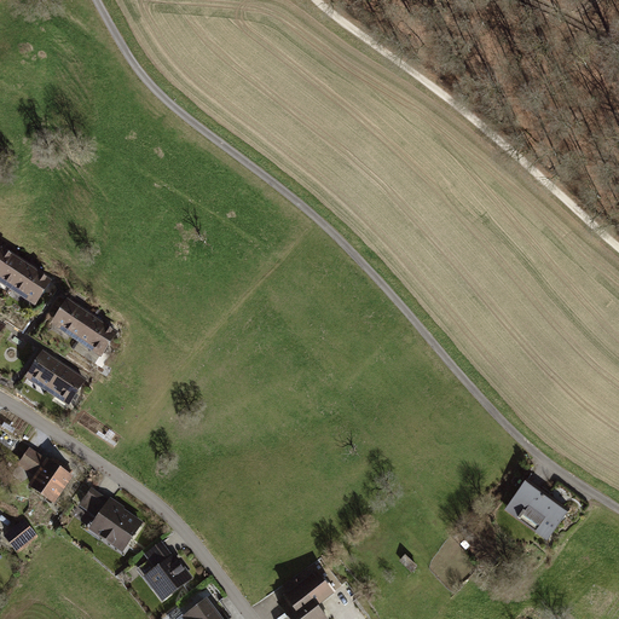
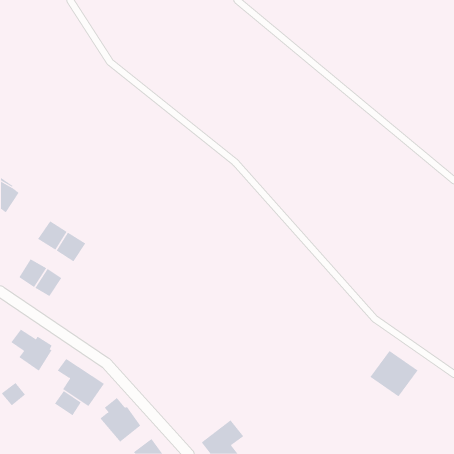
building: [8,262,52,307] -> none
building: none -> [54,390,81,416]

